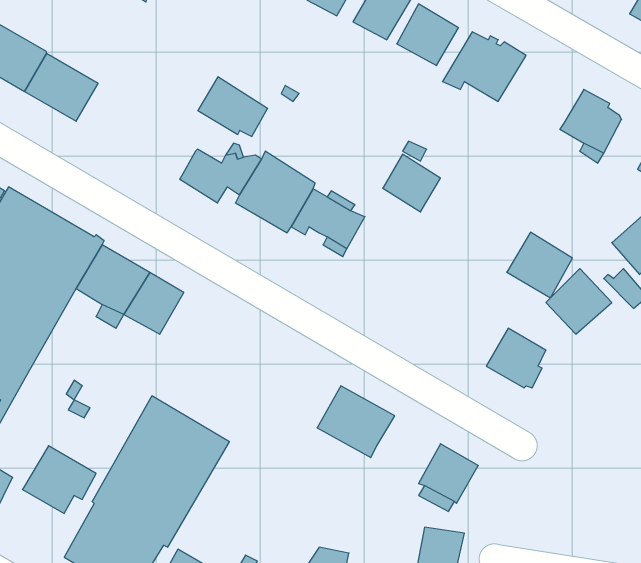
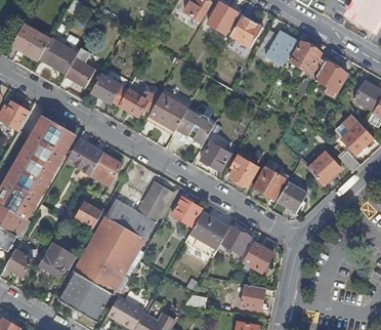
building: none -> [290,40,327,76]
building: none -> [66,48,93,86]
building: [198,77,268,136] -> [91,74,127,105]
building: [383,154,440,212] -> [201,141,230,171]
building: [507,232,572,298] -> [252,166,286,200]
building: none -> [229,155,257,185]
building: none -> [104,180,172,240]
building: none -> [171,196,201,224]
building: none -> [76,202,103,226]
building: none -> [220,224,251,254]

